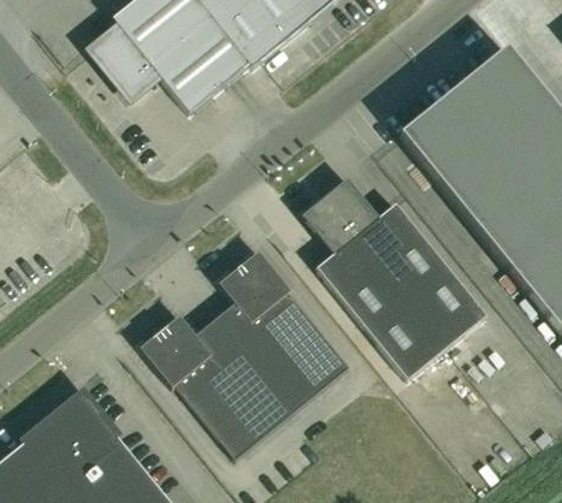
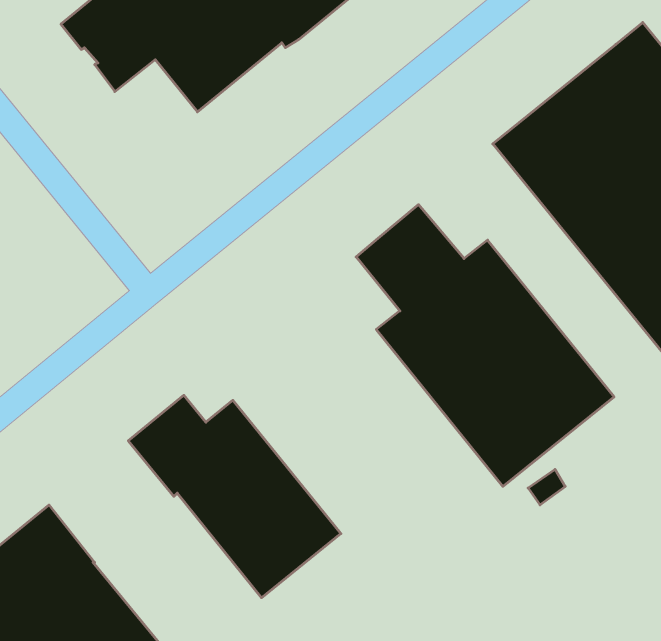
building: [215,249,349,412] -> none

